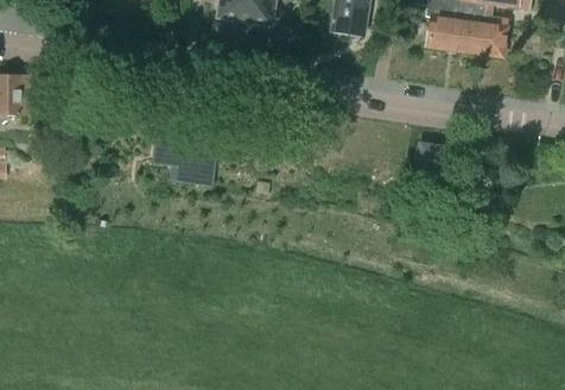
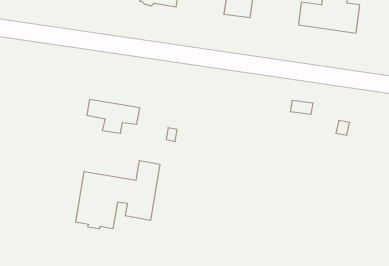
building: none -> [76,160,160,229]

